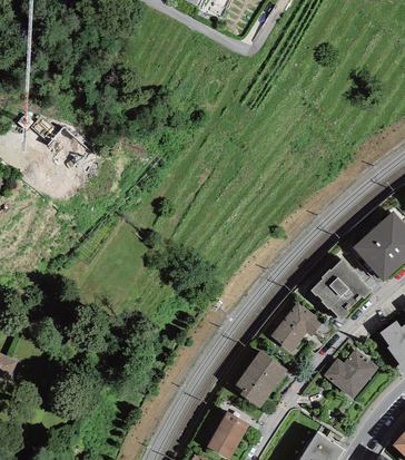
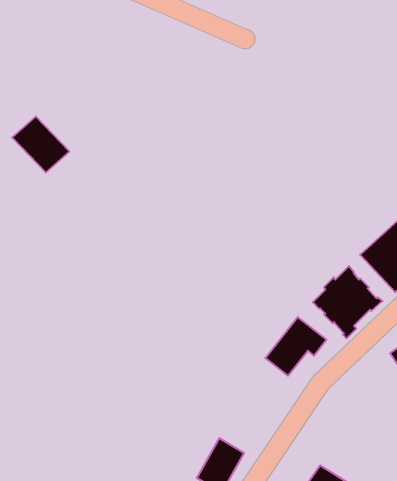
building: [235,349,287,407] -> none
building: [324,349,378,399] -> none

